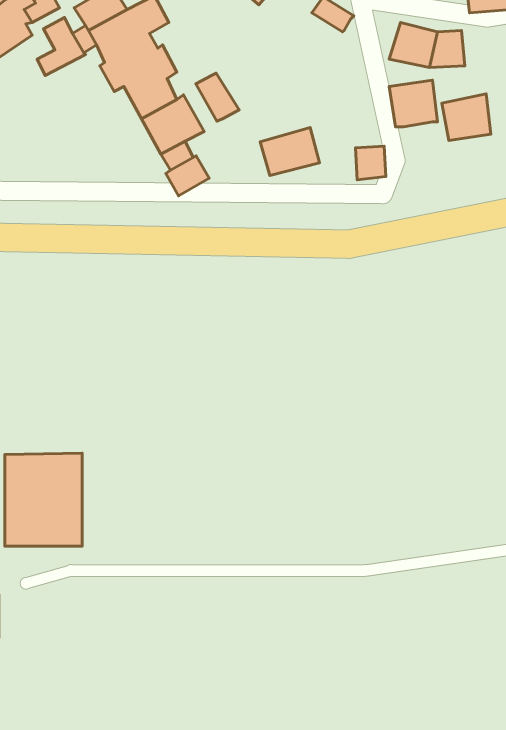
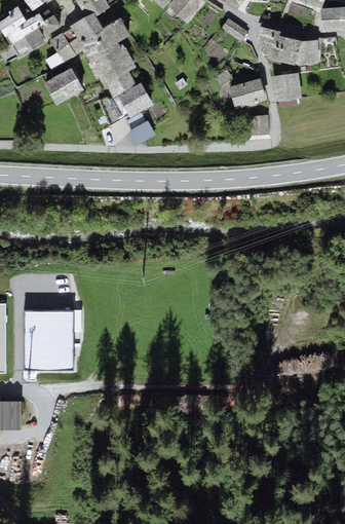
building: none -> [256,25,278,58]
building: none -> [42,66,84,105]
building: [196,73,239,121] -> none
building: [442,94,491,140] -> none
building: [260,127,320,176] -> [227,76,265,107]

